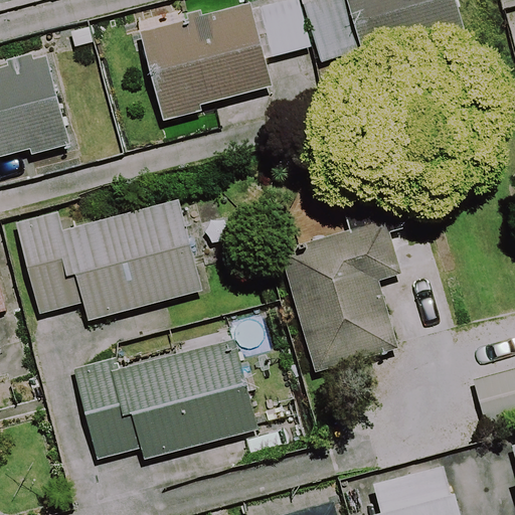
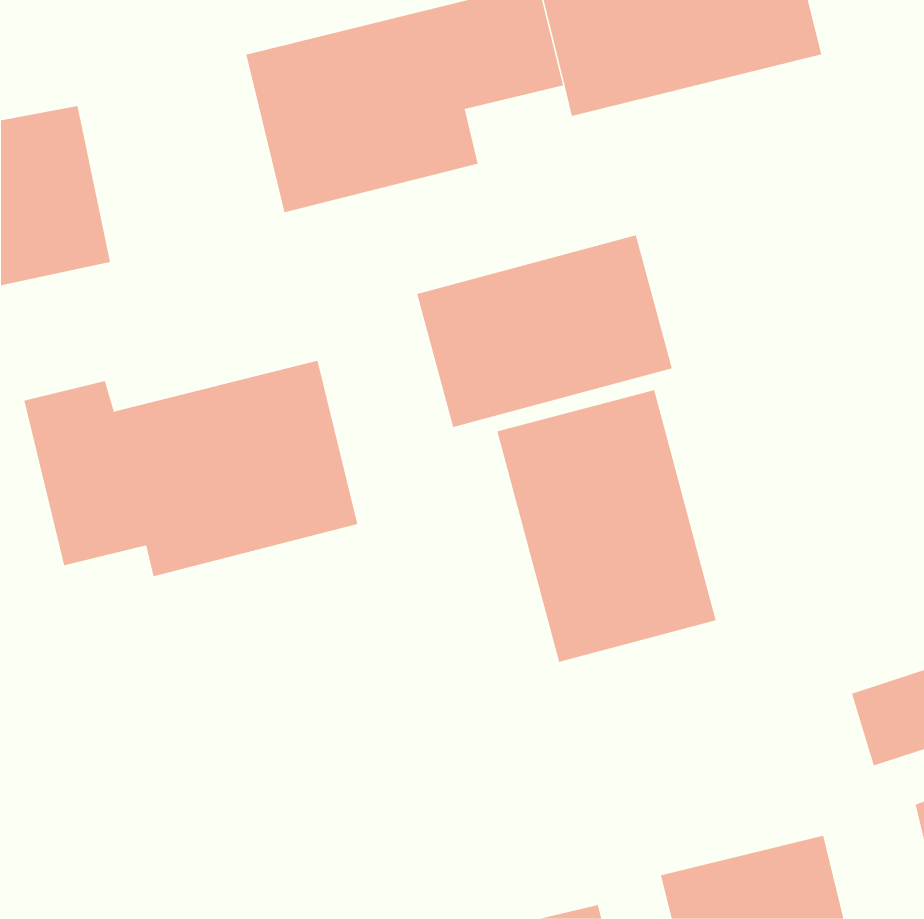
building: none -> [417,235,673,428]
building: [76,338,259,459] -> none

